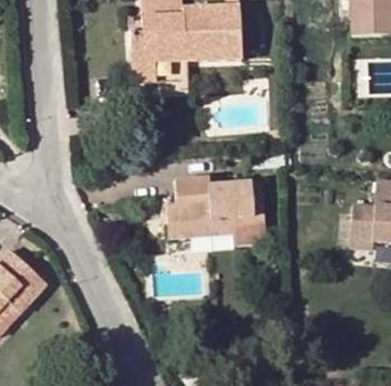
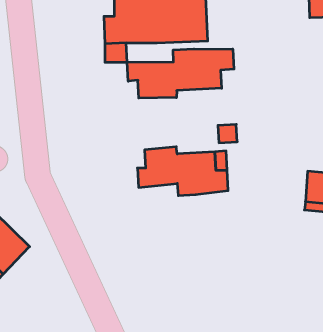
building: none -> [127,49,234,98]
building: [167,216,266,248] -> none

